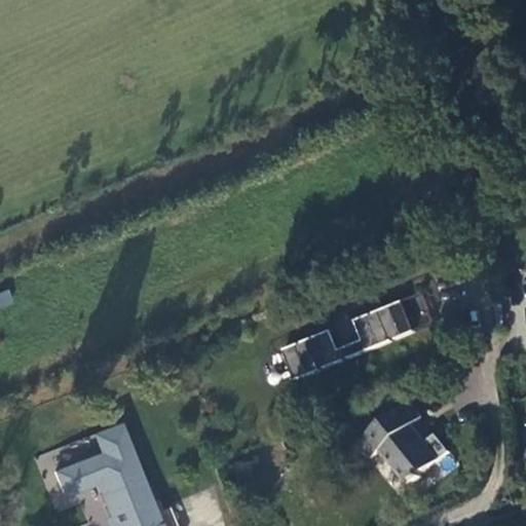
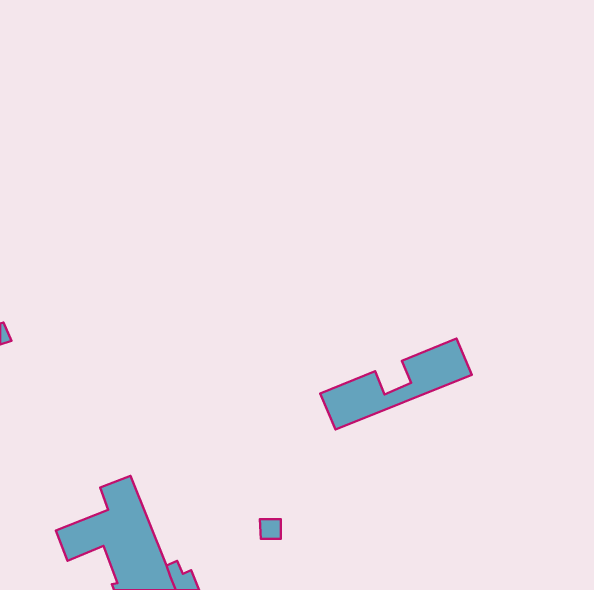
building: [358,399,451,483] -> none

